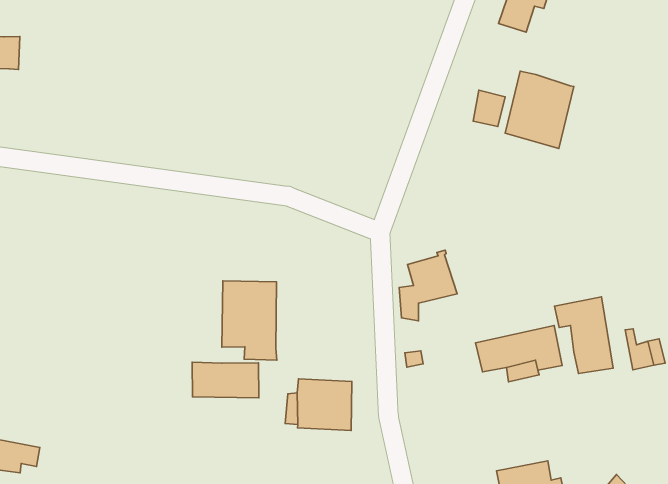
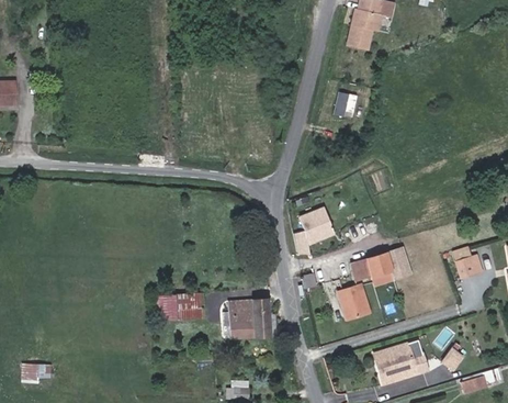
building: [505,71,574,148] -> none
building: [222,281,277,360] -> none
building: [555,297,613,374] -> none
building: none -> [339,288,373,325]

